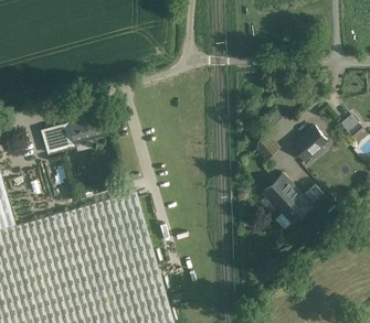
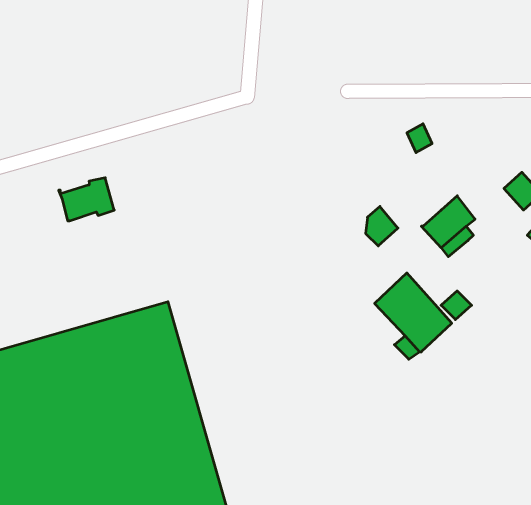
building: [42,127,76,152] -> none

